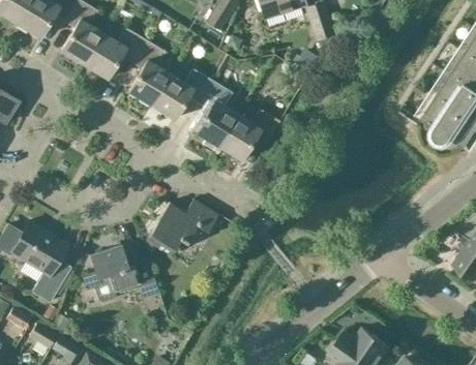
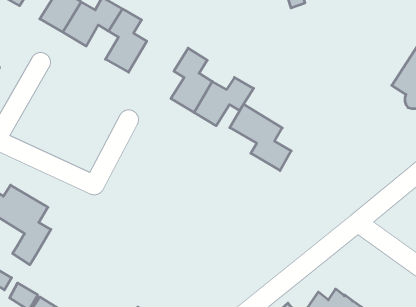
building: [150,69,211,120] -> none
building: none -> [230,104,291,171]
building: [147,200,217,251] -> none
building: [81,245,158,303] -> none

